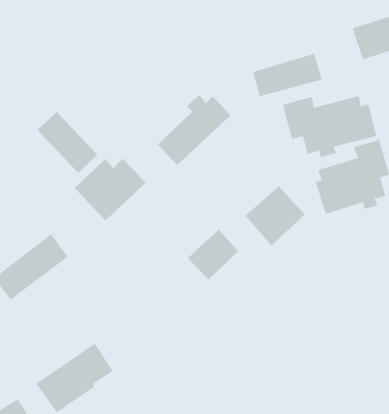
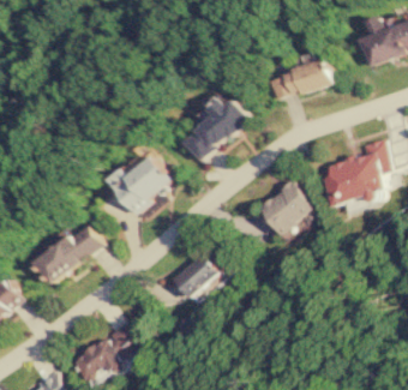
building: [282,95,377,158] -> none
building: [36,111,98,174] -> none
building: [187,229,239,280] -> [172,252,218,299]

